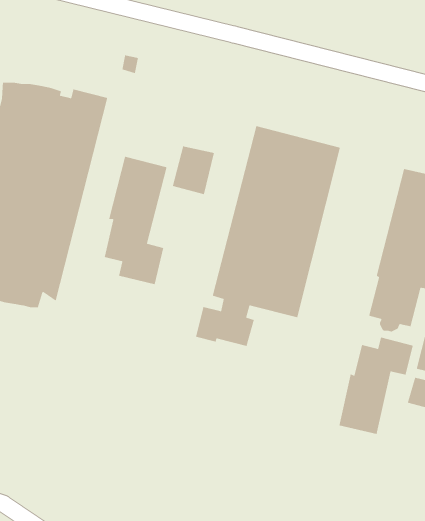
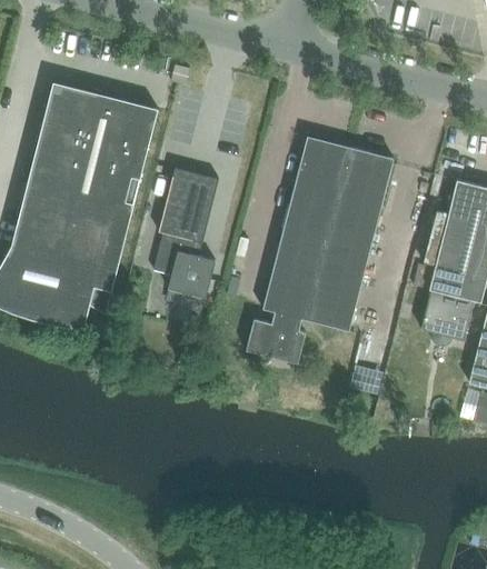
building: [172,146,215,195] -> none
building: [338,337,414,435] -> none

